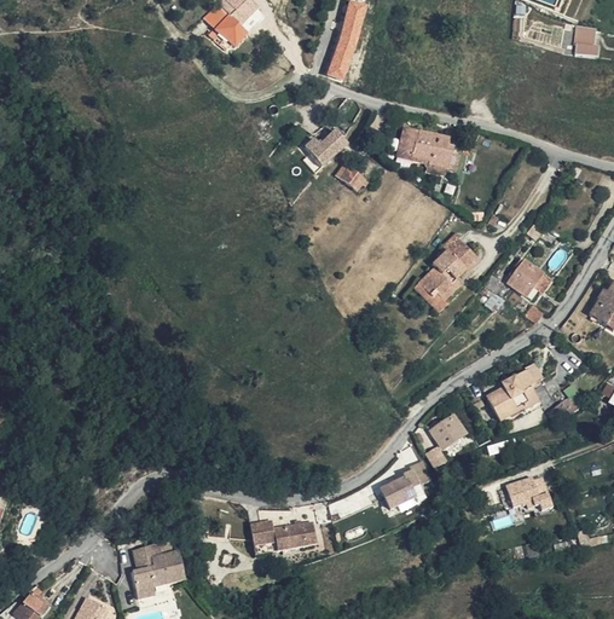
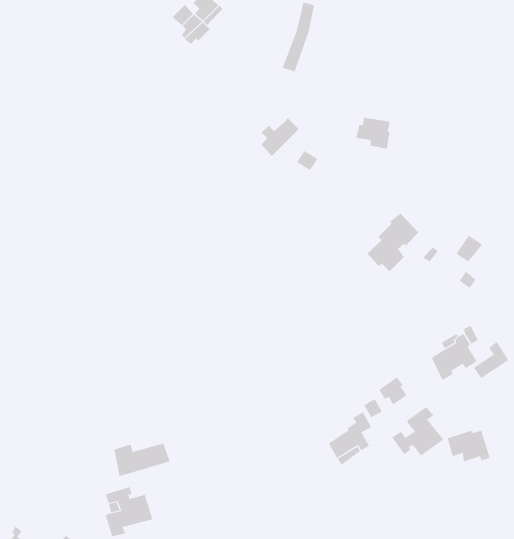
building: none -> [391,406,444,456]
building: [249,525,312,562] -> [113,443,171,477]

